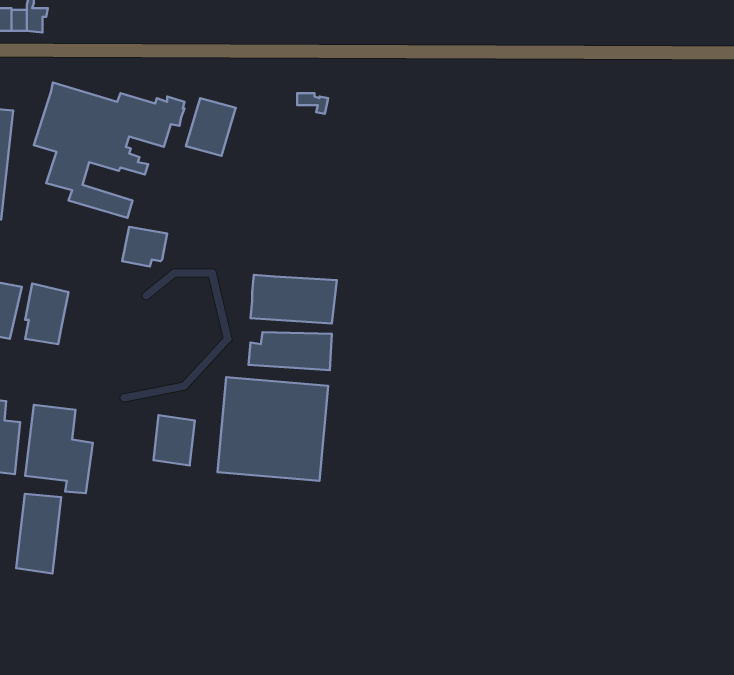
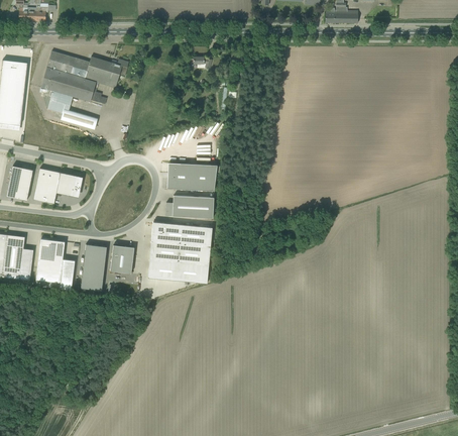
building: none -> [325,8,357,23]
building: [186,98,236,156] -> none
building: [122,227,167,267] -> [56,173,83,196]
building: [16,494,61,573] -> [81,244,107,291]

